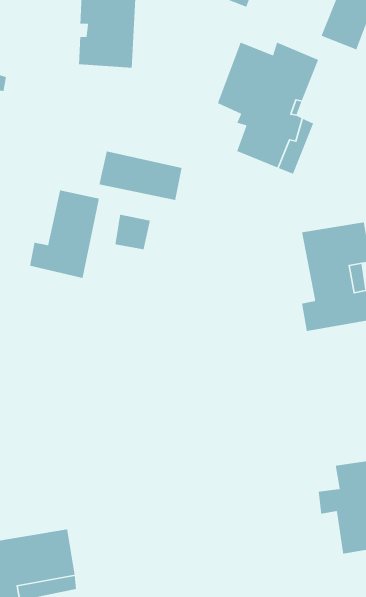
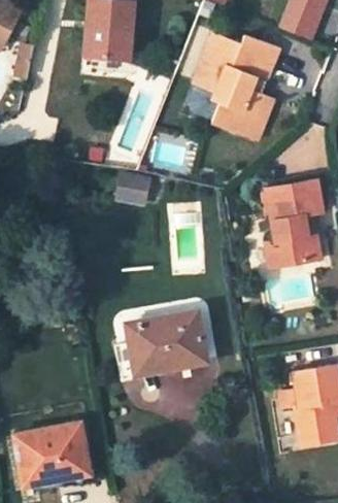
building: [99,150,183,201] -> none
building: [29,190,100,279] -> none
building: none -> [122,308,205,379]

